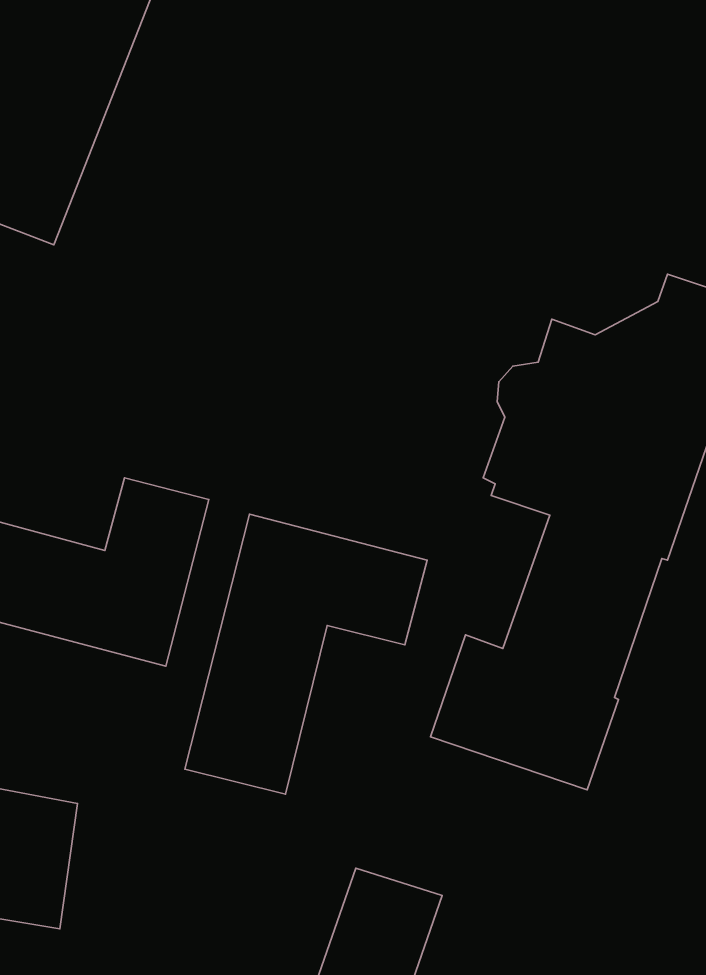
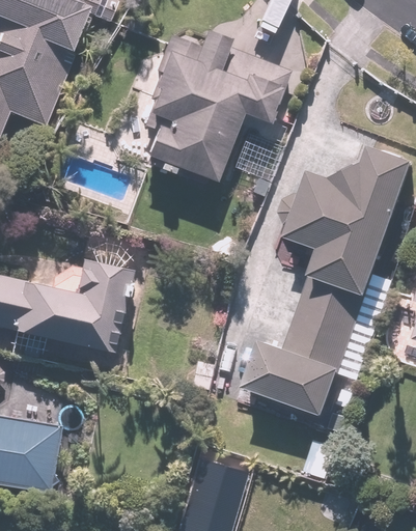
building: none -> [142,27,292,179]
building: [185,514,427,794] -> none

